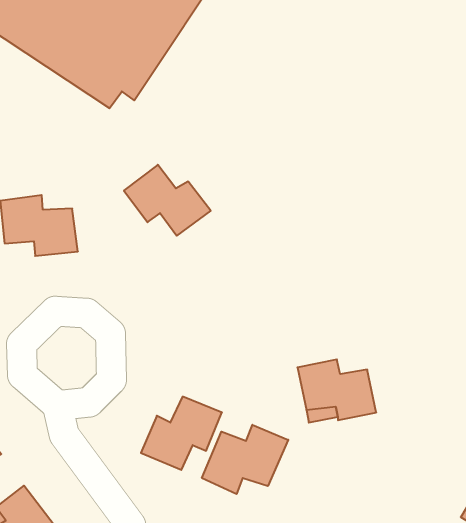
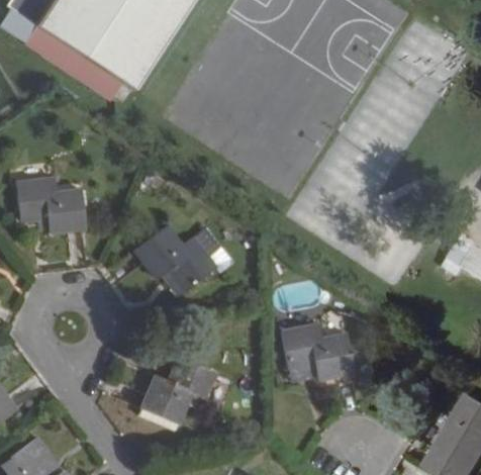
building: [124,165,211,236] -> [135,226,213,290]
building: [202,425,288,494] -> none

